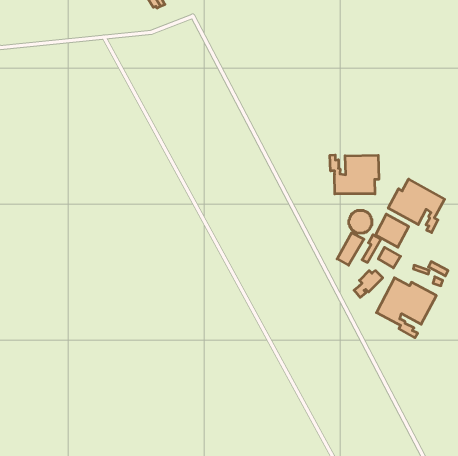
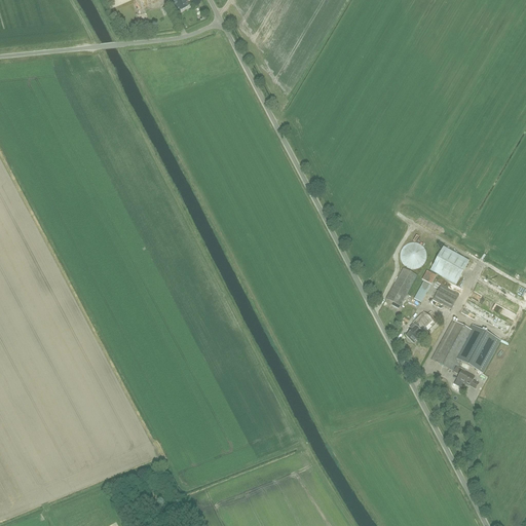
building: [330,155,379,194] -> none
building: [388,179,445,233] -> none

